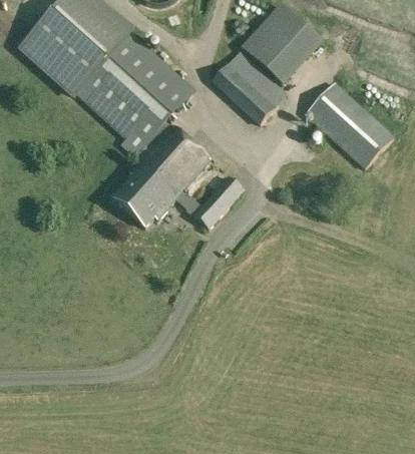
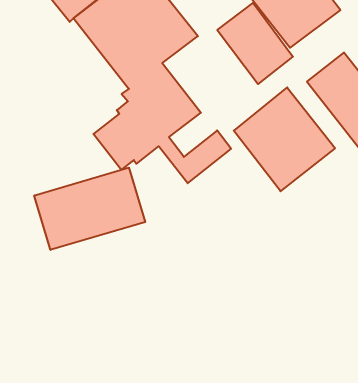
building: none -> [234,87,335,191]
building: none -> [34,168,145,250]

